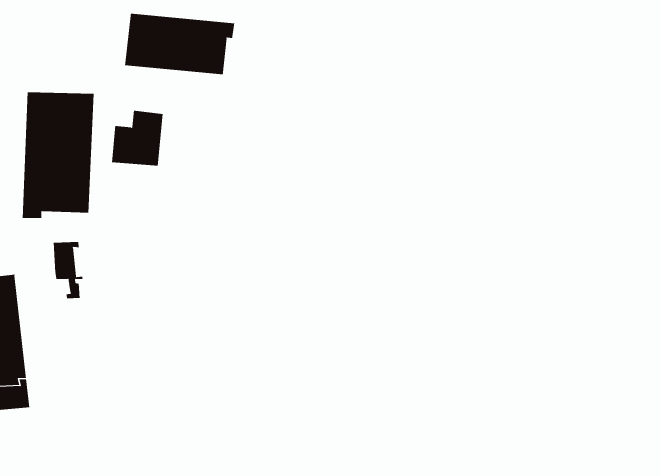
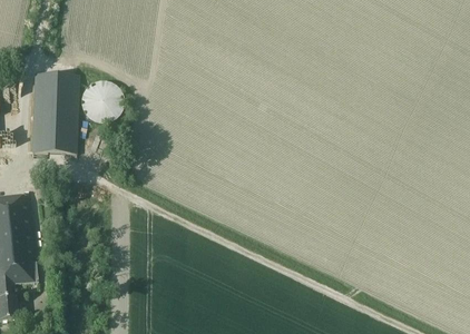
building: [125,13,235,75] -> none
building: [53,241,83,299] -> none

